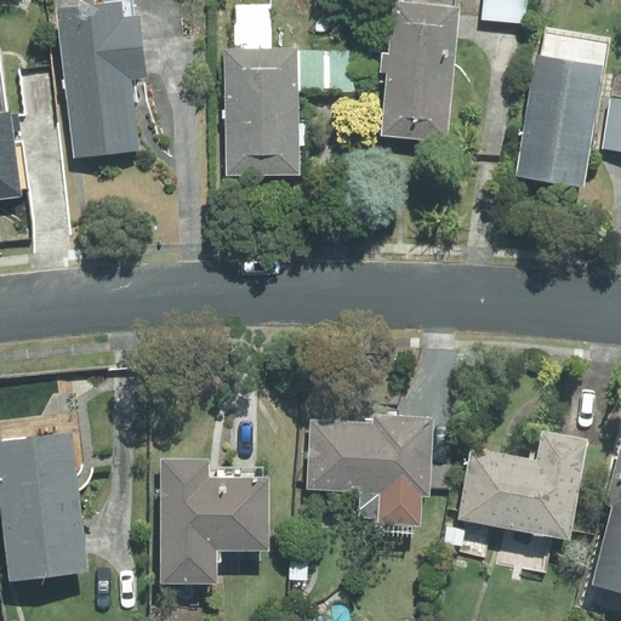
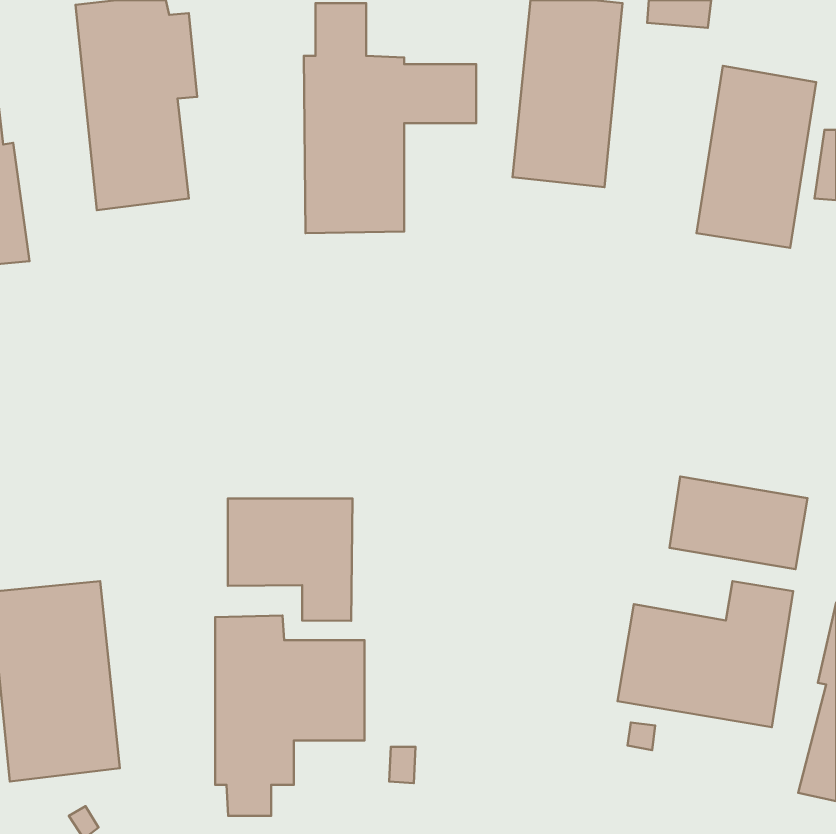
building: none -> [669,477,808,569]
building: none -> [228,498,353,621]
building: [306,415,433,525] -> none

